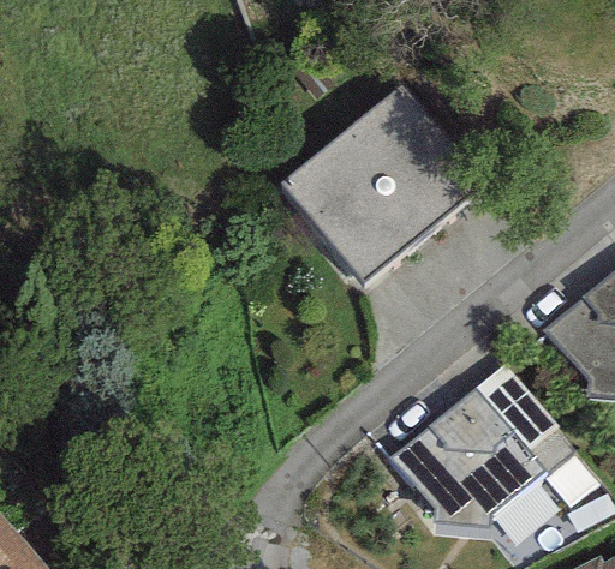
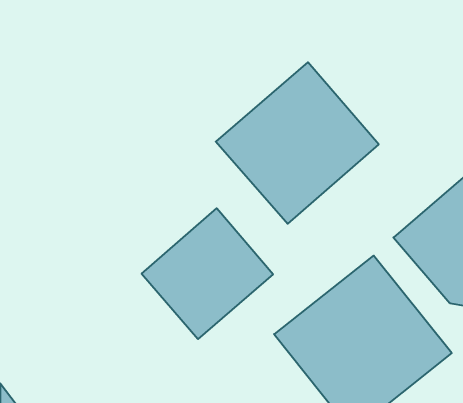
building: none -> [142,208,273,339]

